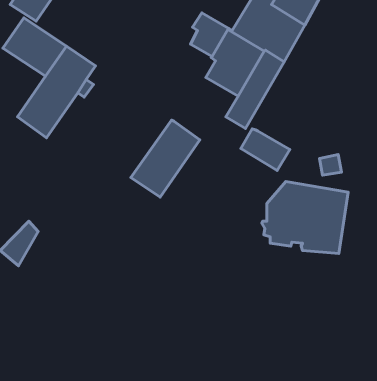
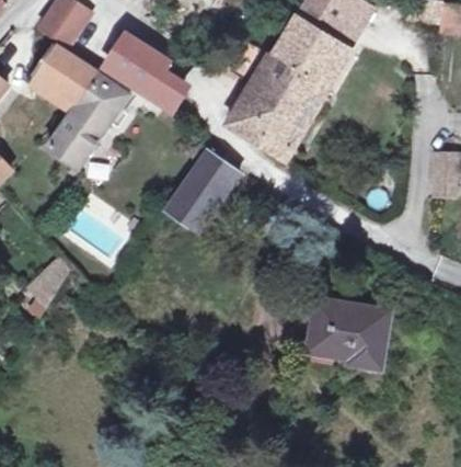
building: none -> [106,34,183,109]
building: [241,129,290,170] -> [228,103,279,147]
building: [262,182,348,254] -> [300,296,391,372]

